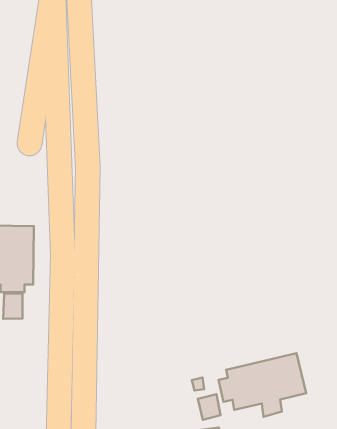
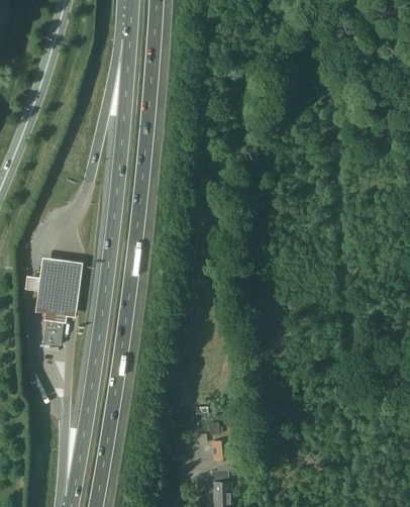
building: [219,353,306,417] -> none

